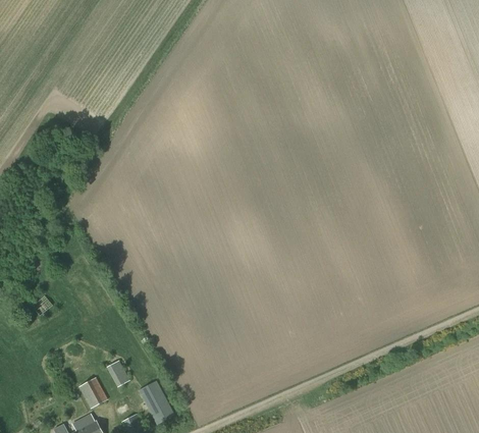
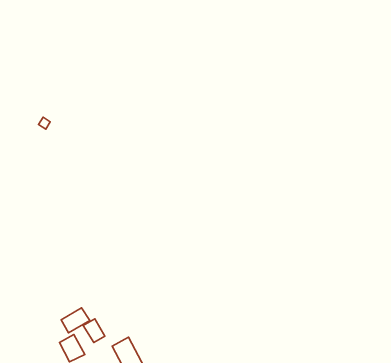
building: none -> [61,308,90,333]

